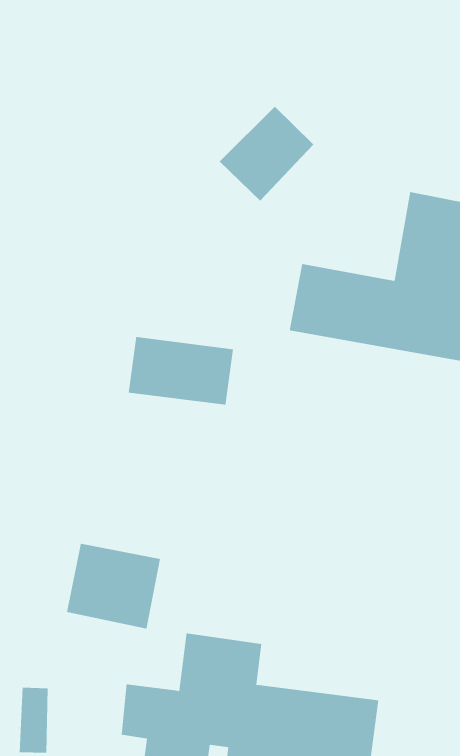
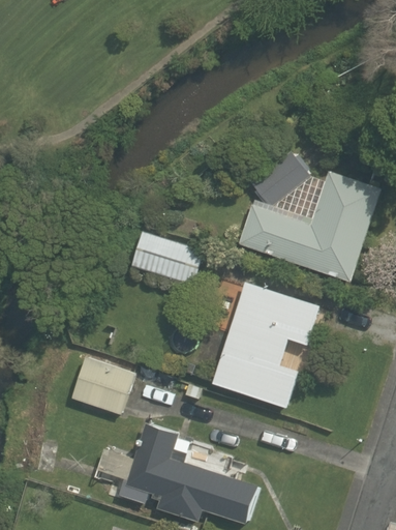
building: [219,106,314,201] -> [249,150,310,208]
building: none -> [213,282,319,408]

